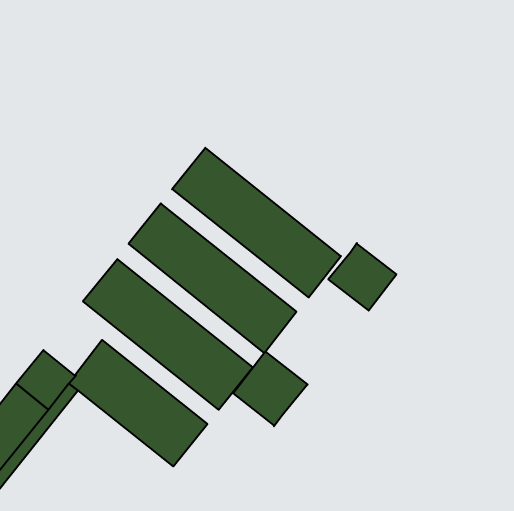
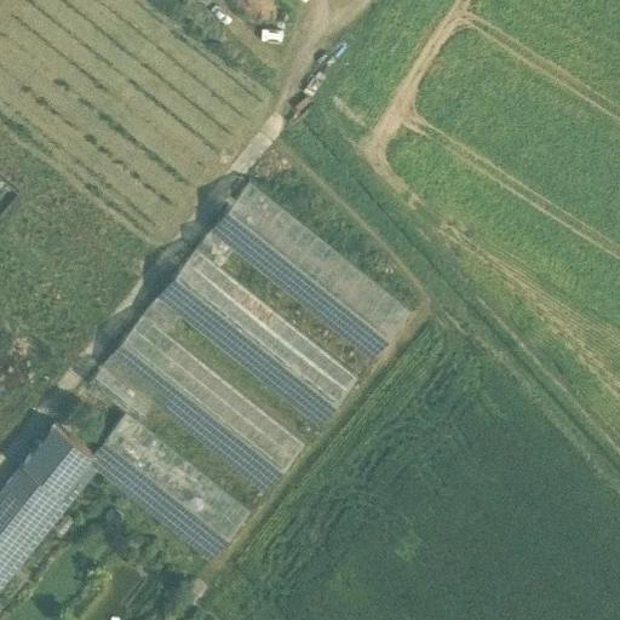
building: [328,243,396,311] -> none
building: [233,352,308,426] -> none

